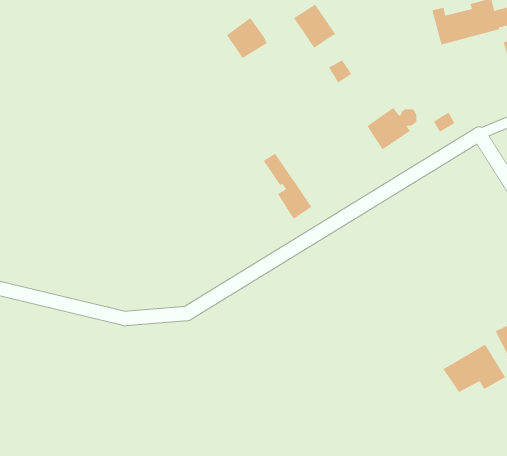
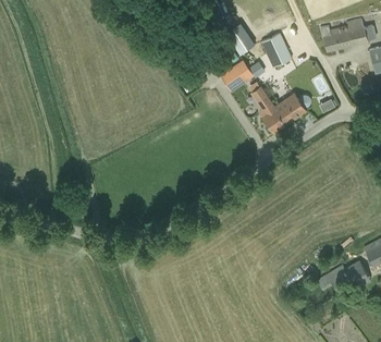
building: [226,18,268,59] -> [220,63,248,91]
building: none -> [261,34,292,68]
building: [263,153,312,219] -> [253,87,286,133]

